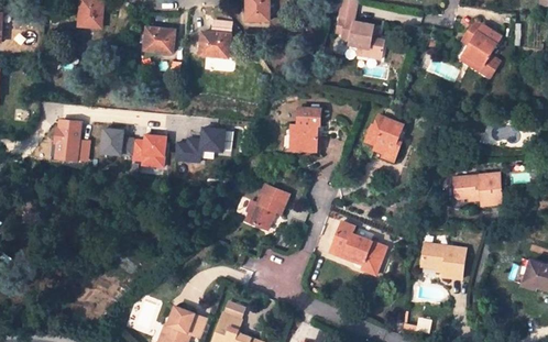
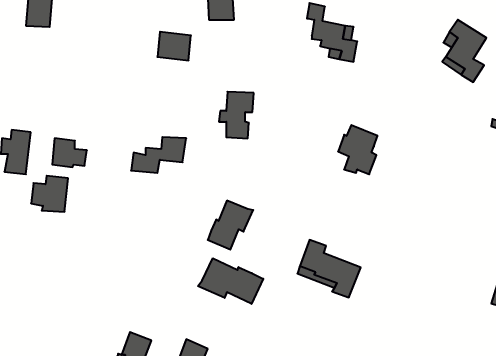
building: [145,26,174,52] -> none
building: [288,109,320,152] -> [219,92,254,138]
building: [132,133,166,166] -> [31,176,68,212]
building: [450,173,498,205] -> none
building: none -> [198,258,263,304]
building: [419,244,463,278] -> none

